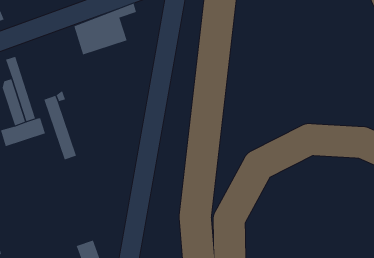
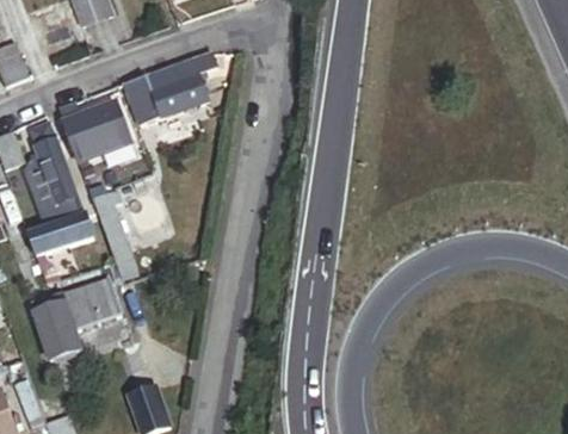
building: none -> [61,101,132,154]
building: none -> [35,284,121,366]

